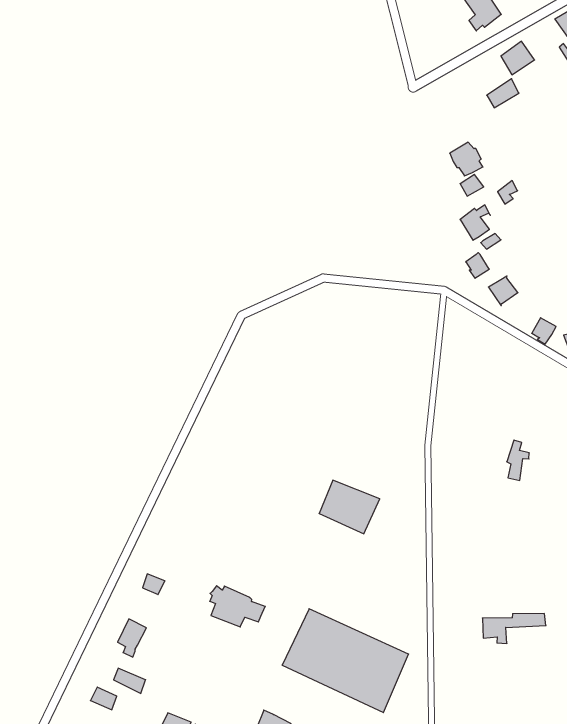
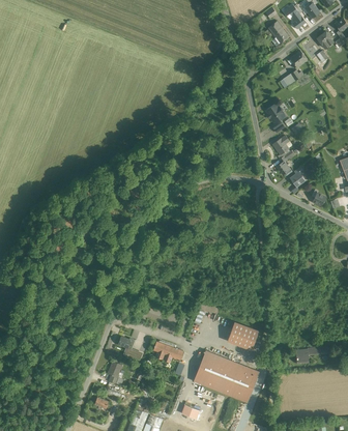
building: [319,480,380,534] -> [227,322,258,349]

